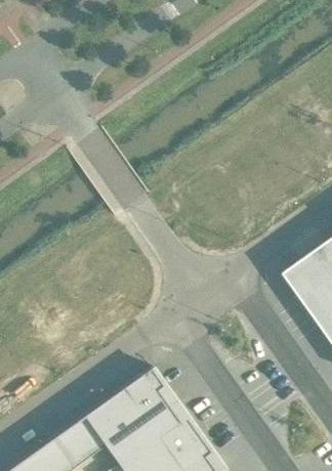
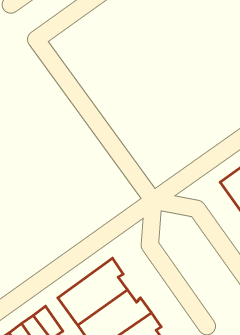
building: [68,418,105,459] -> none

